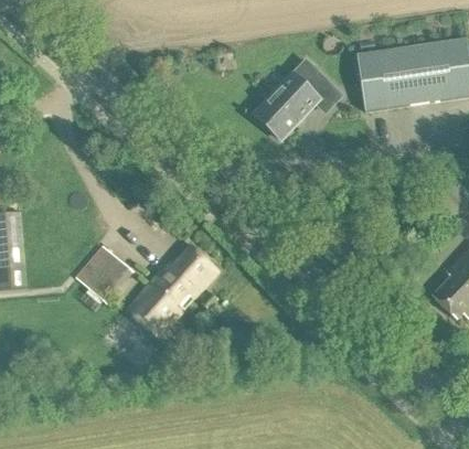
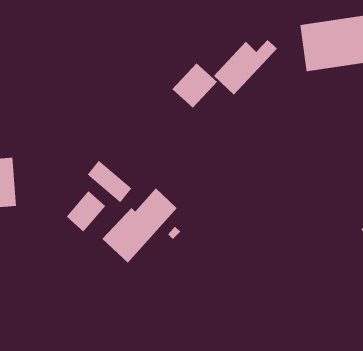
building: none -> [172,63,218,108]
building: none -> [87,160,132,203]

